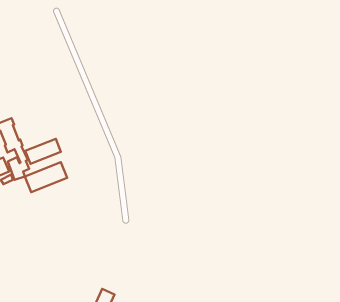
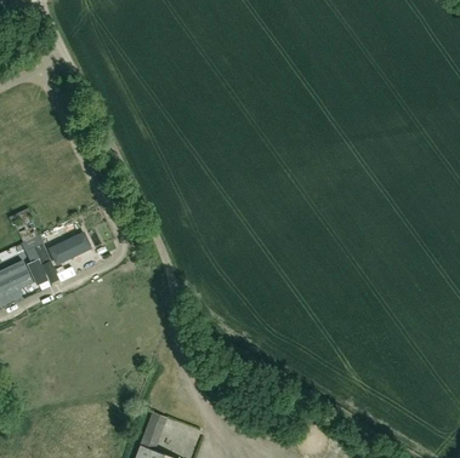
building: [25,162,67,192] -> none

